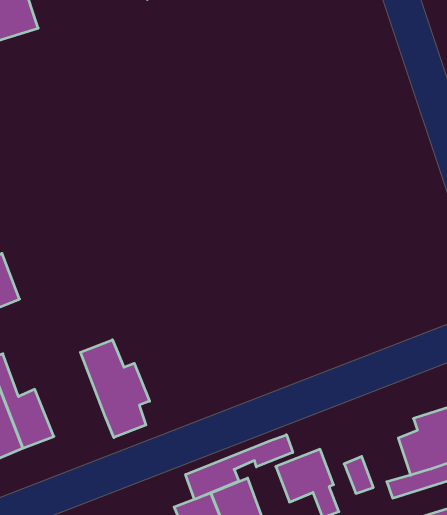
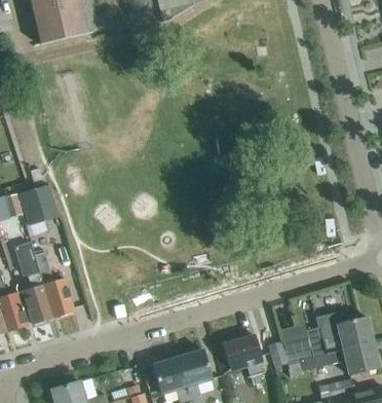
building: [80,340,150,438] -> none
building: [186,435,293,499] -> none
building: none -> [281,332,310,359]

